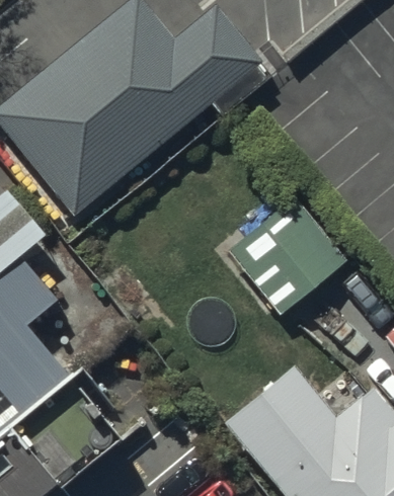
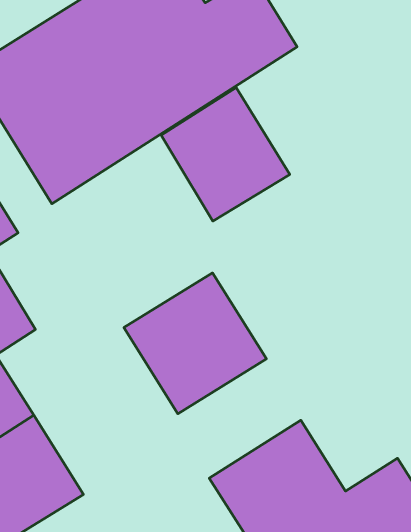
building: none -> [161,88,290,221]
building: [227,195,344,312] -> [124,273,267,414]

